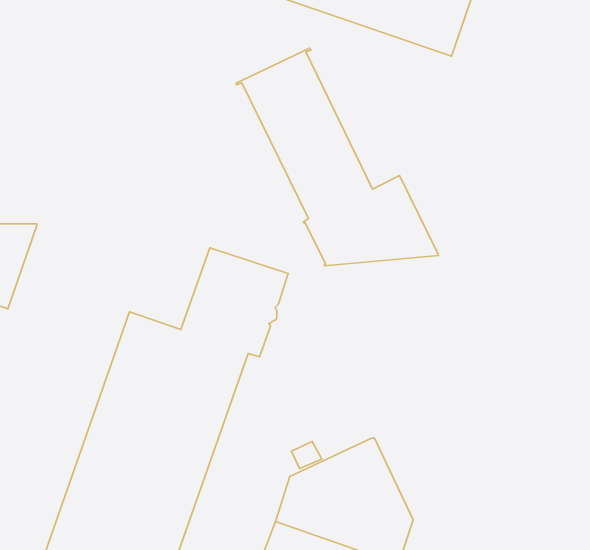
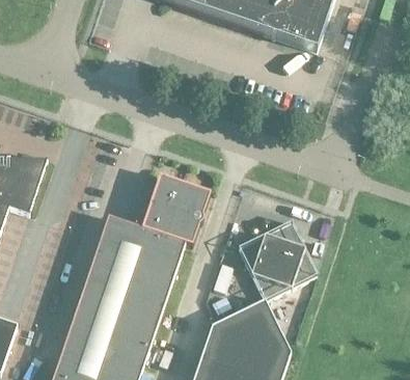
building: [236,48,438,266] -> none
building: none -> [238,219,318,299]

